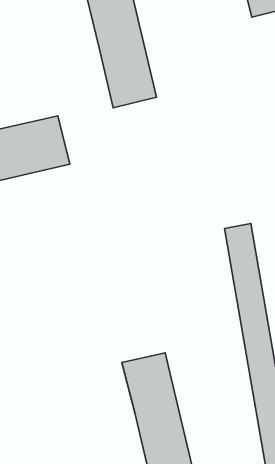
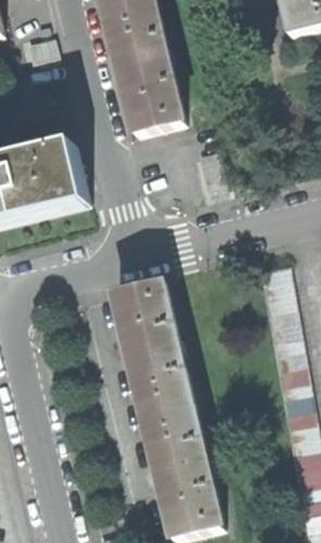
building: none -> [116,281,194,417]

